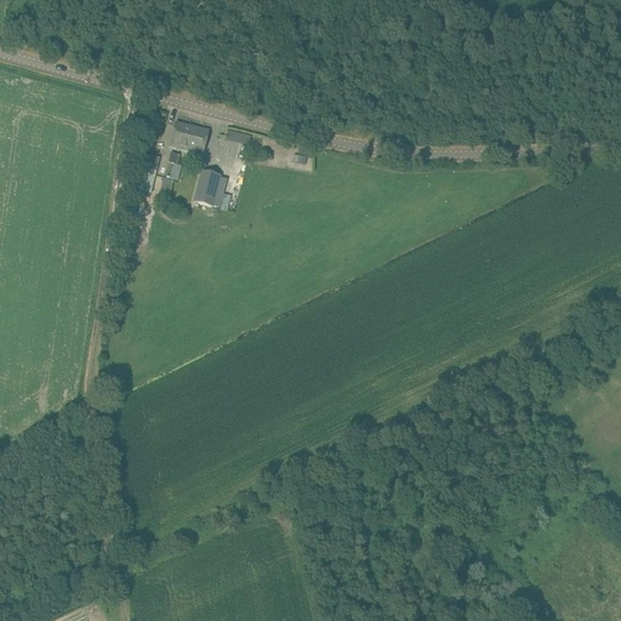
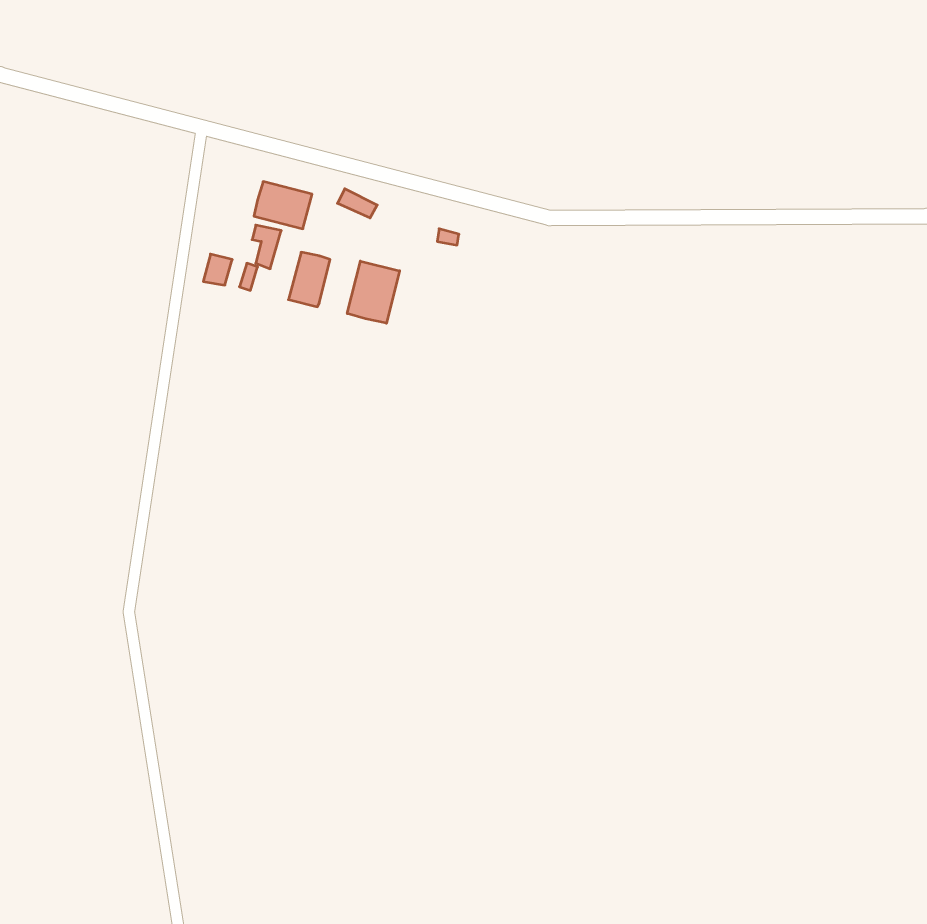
building: none -> [347,261,400,323]

